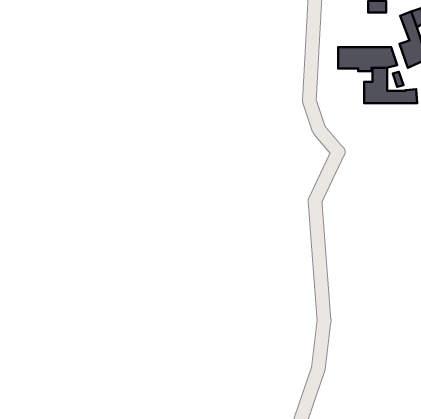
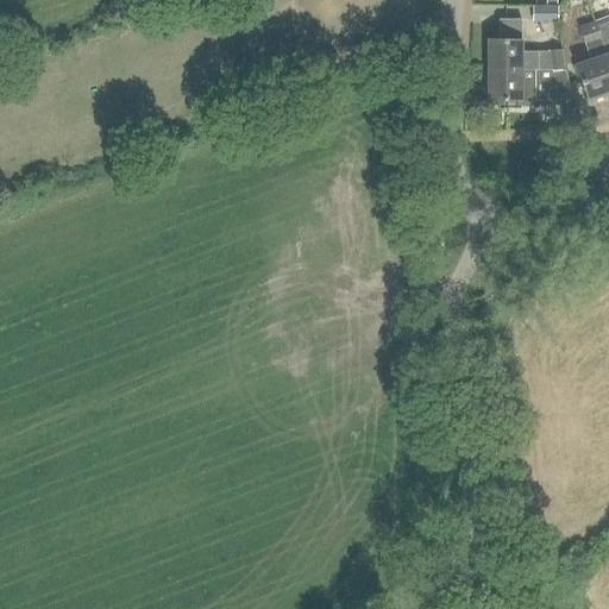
building: [364,68,417,103] -> [489,17,565,68]

